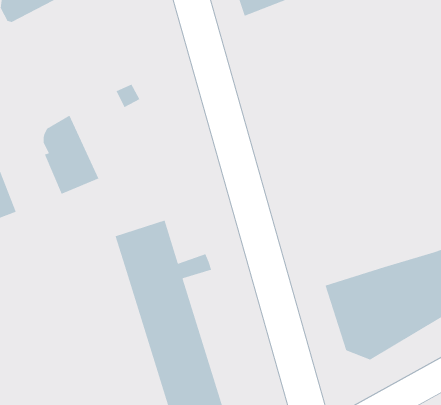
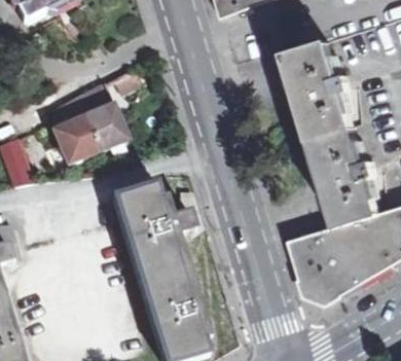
building: none -> [285,40,378,224]
building: none -> [76,84,127,151]

